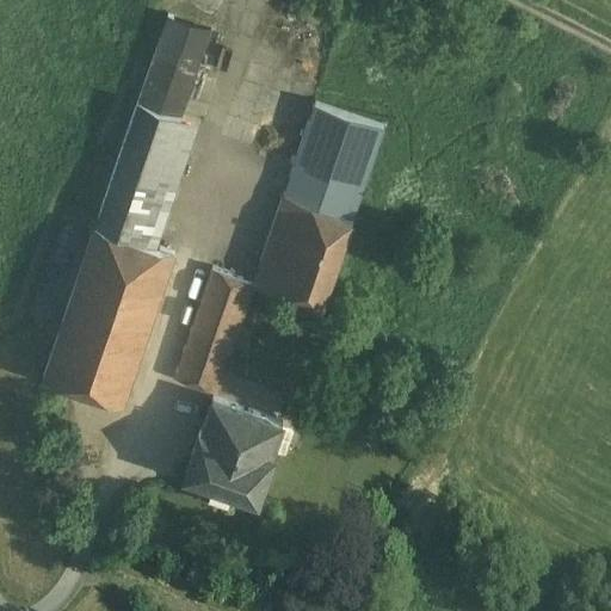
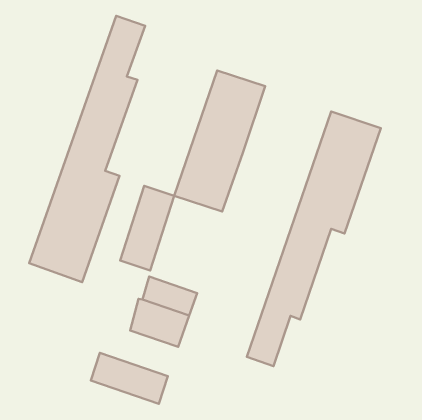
building: none -> [247,111,381,366]
building: none -> [91,353,168,404]

